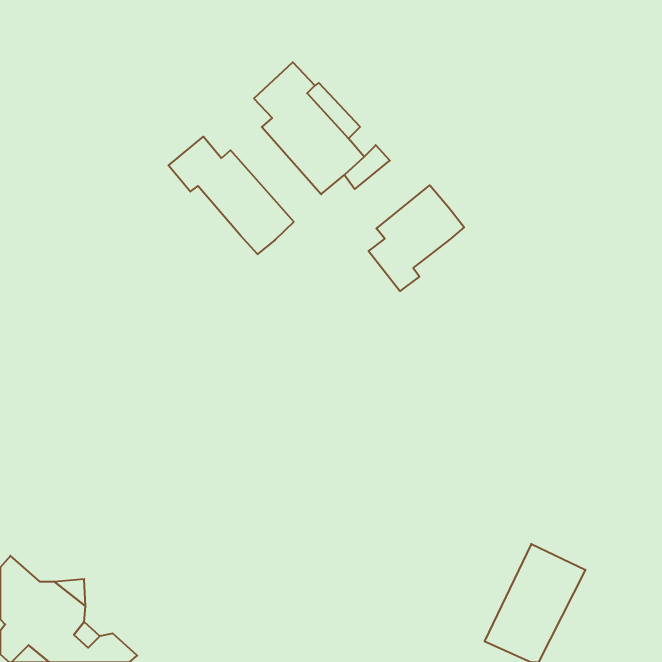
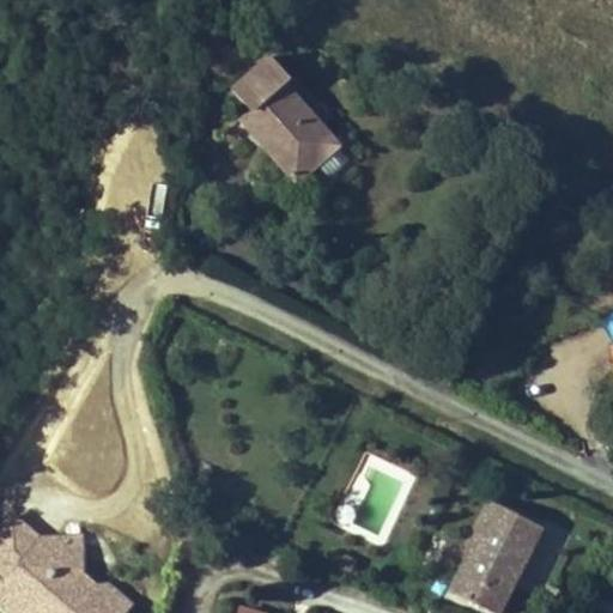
building: [168,137,294,254] -> none
building: [369,185,464,291] -> none

